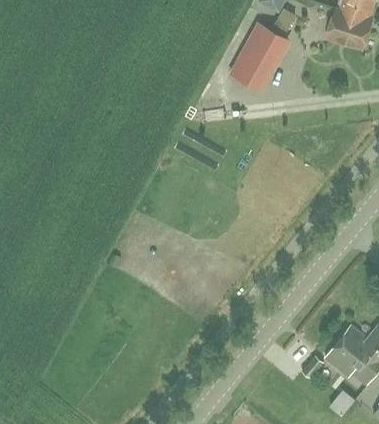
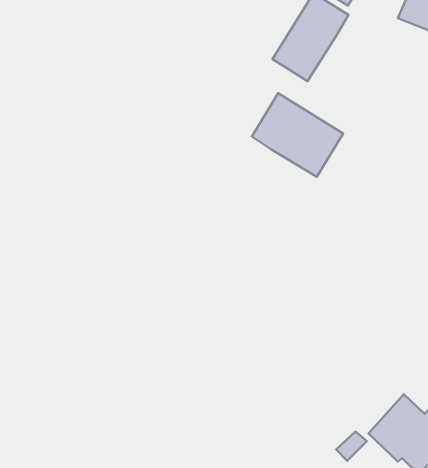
building: none -> [252,93,343,177]

